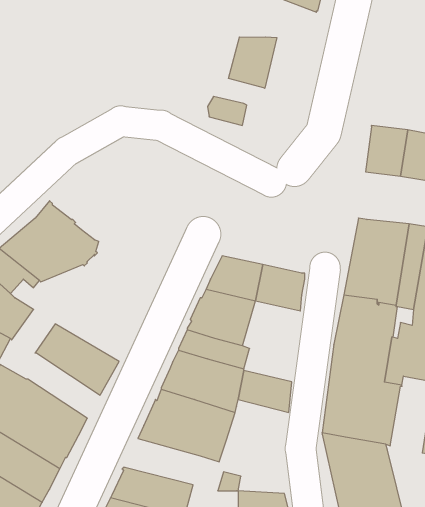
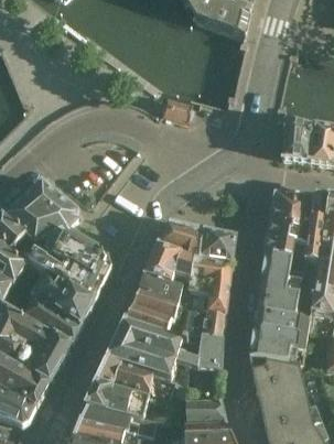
building: [229,37,277,88] -> none
building: none -> [14,230,110,300]
building: none -> [187,253,231,315]
building: none -> [24,295,79,343]
building: none -> [175,328,223,370]
building: none -> [98,358,155,393]

